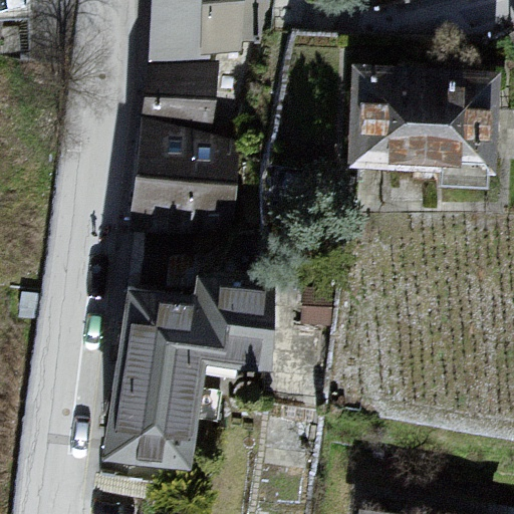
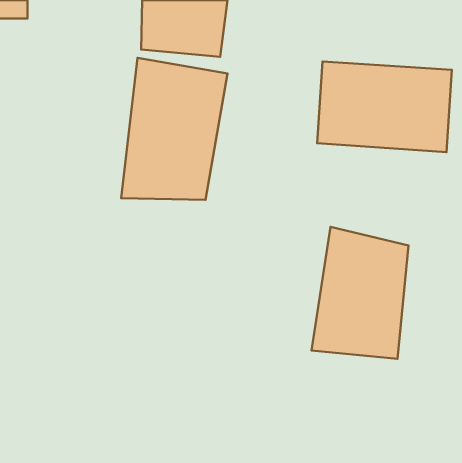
building: none -> [311,227,408,359]
building: [102,286,263,459] -> none

